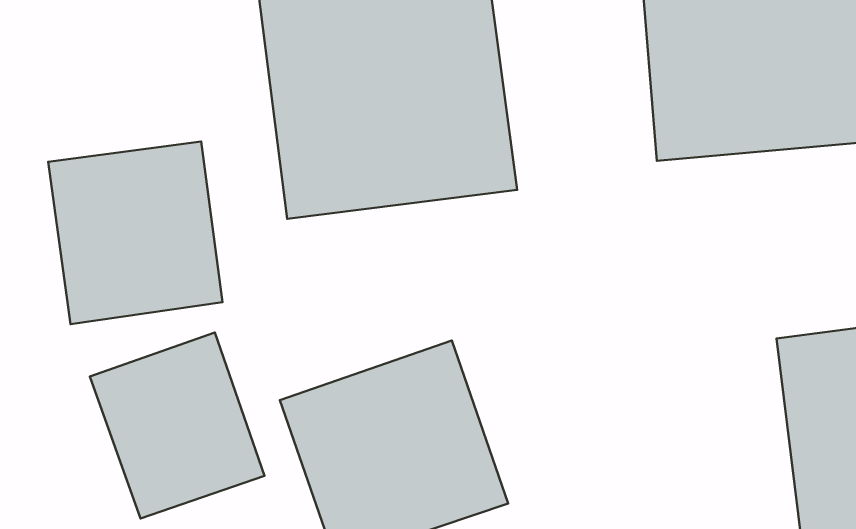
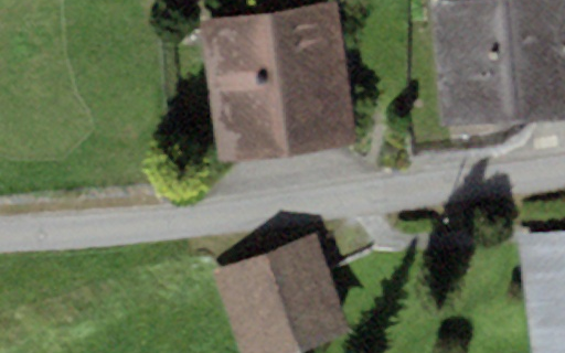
building: [48,142,222,324] -> none
building: [90,333,264,519] -> none

